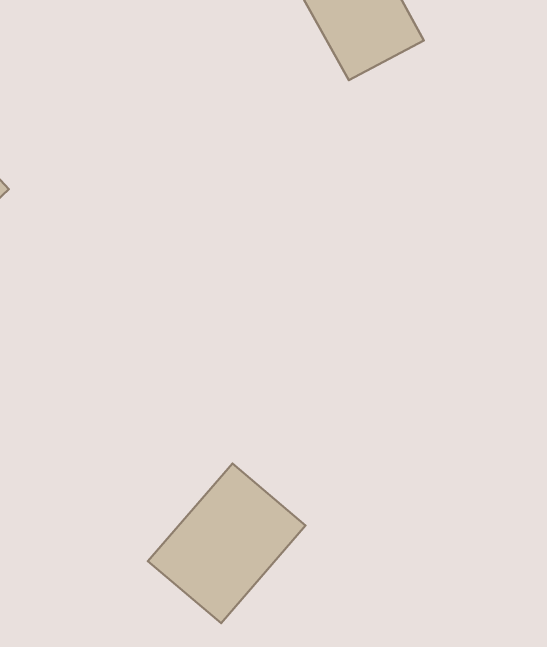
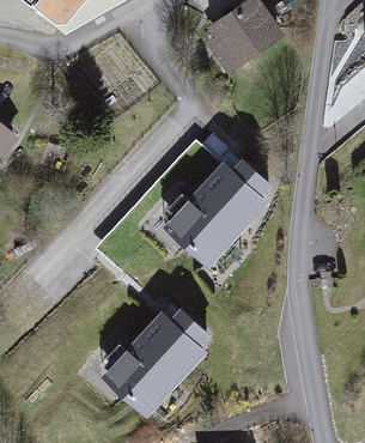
building: none -> [176,160,272,257]

